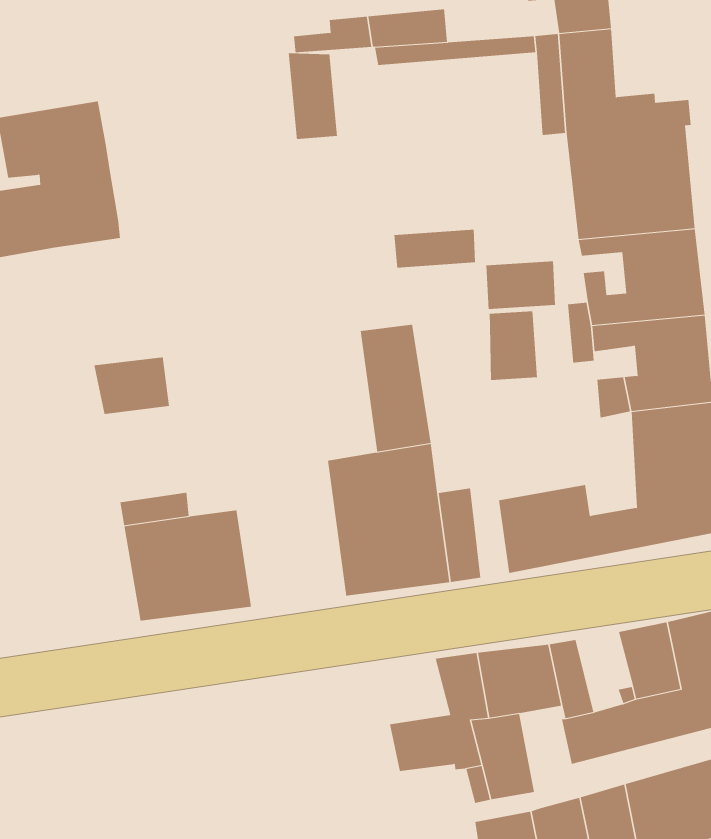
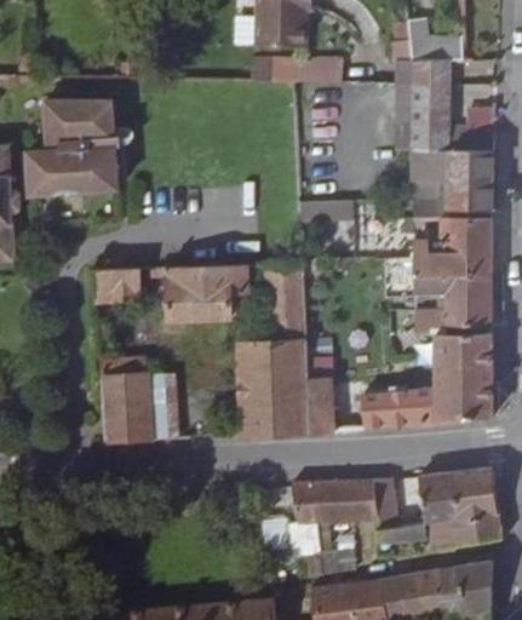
building: [288,52,338,140] -> none
building: [489,311,537,381] -> none
building: none -> [150,264,247,317]

